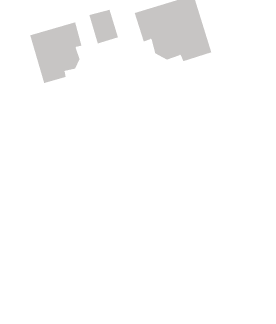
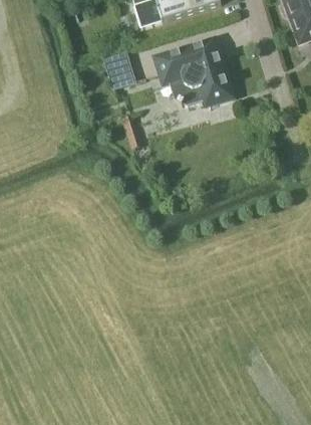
building: [29,22,82,84] -> none

